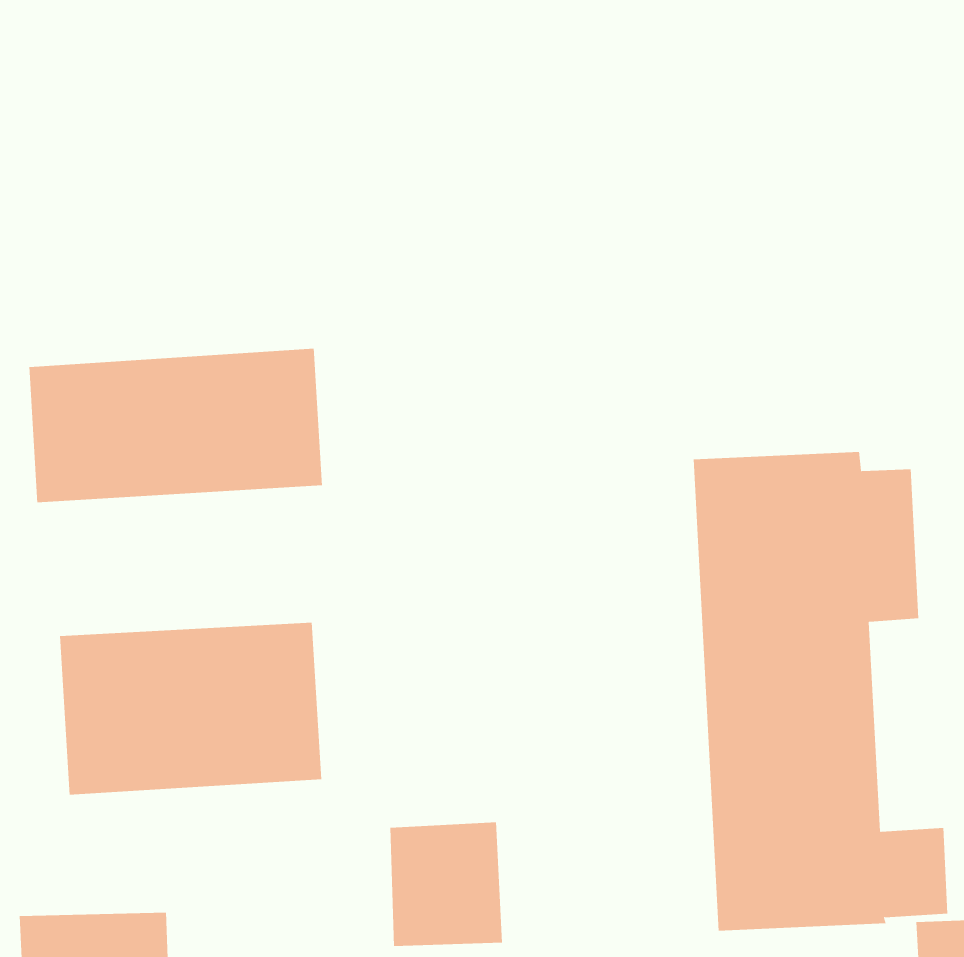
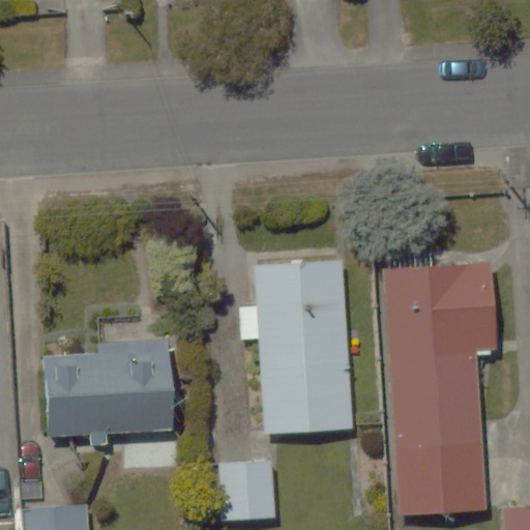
building: [29,348,323,503] -> none
building: none -> [238,259,349,434]

